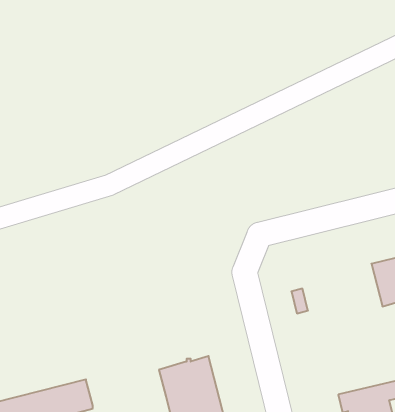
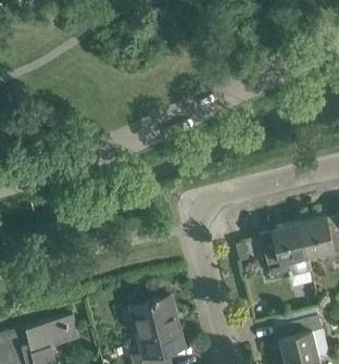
building: none -> [261,224,311,277]

